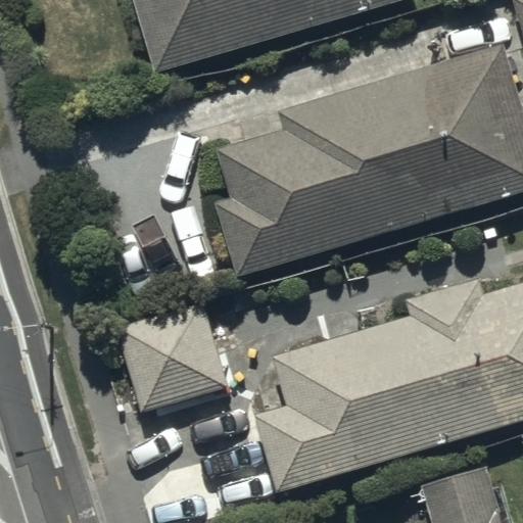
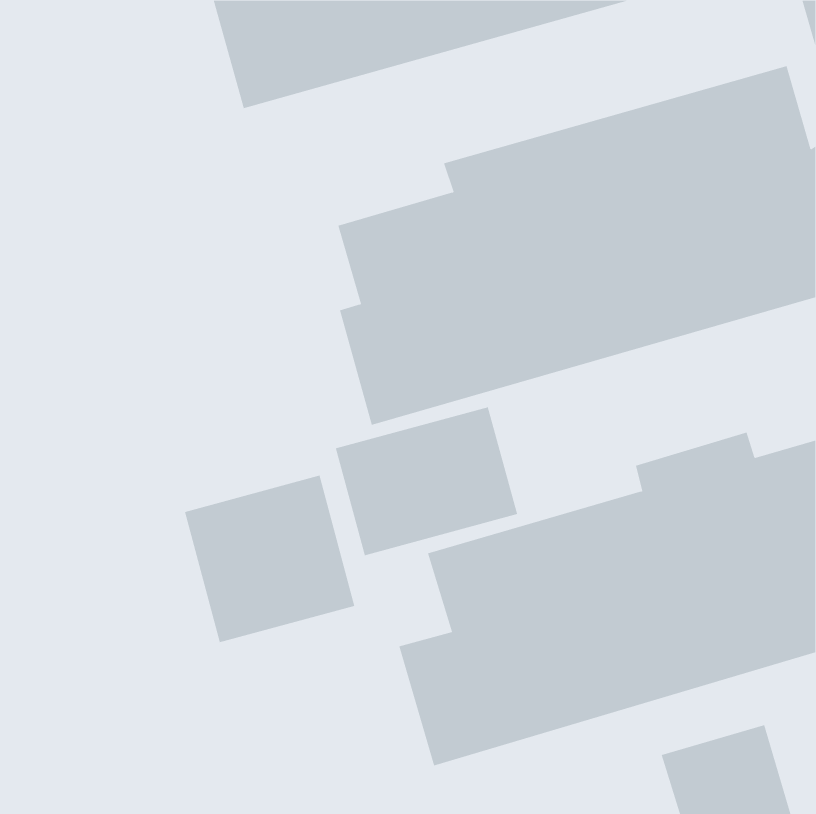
building: none -> [335,407,518,556]

